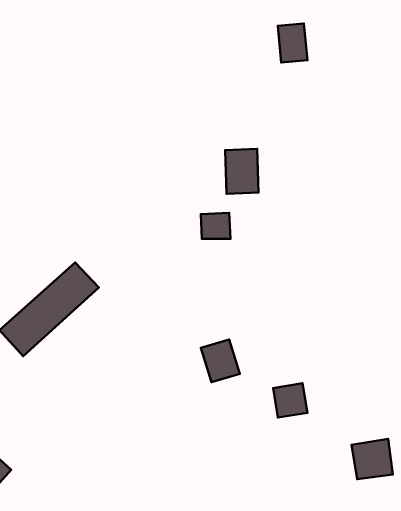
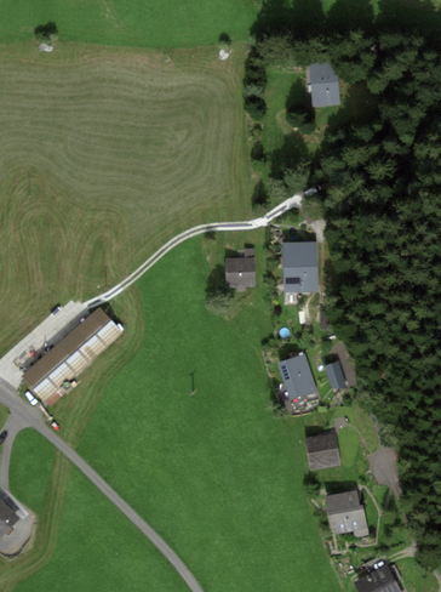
building: [225,149,258,194] -> [281,243,315,289]
building: [201,340,240,382] -> [276,358,316,402]
building: [351,439,393,479] -> [323,491,366,533]

